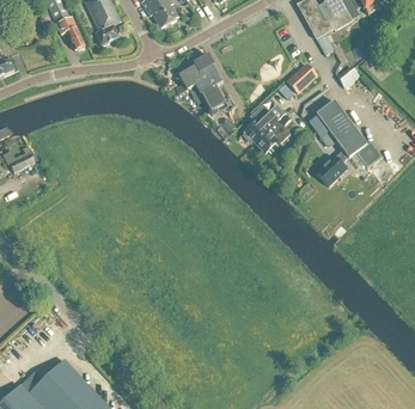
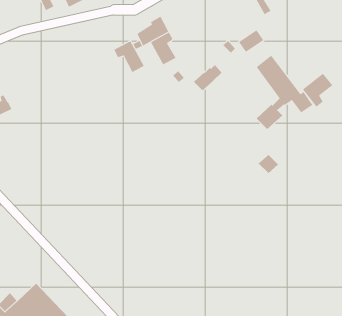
building: none -> [113,40,144,73]
building: [254,120,289,152] -> none
building: none -> [302,73,333,107]

